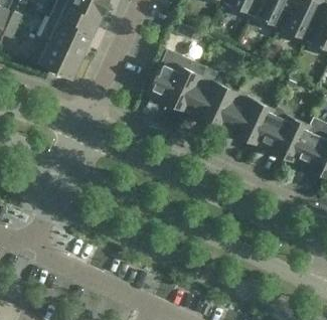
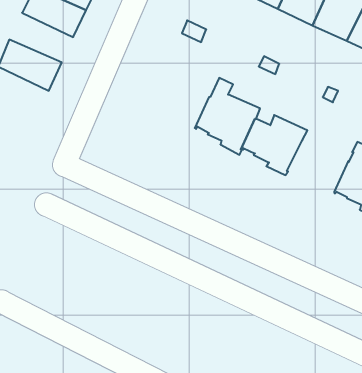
building: [40,17,91,56] -> none
building: [149,50,205,112] -> none
building: [259,115,311,162] -> none

